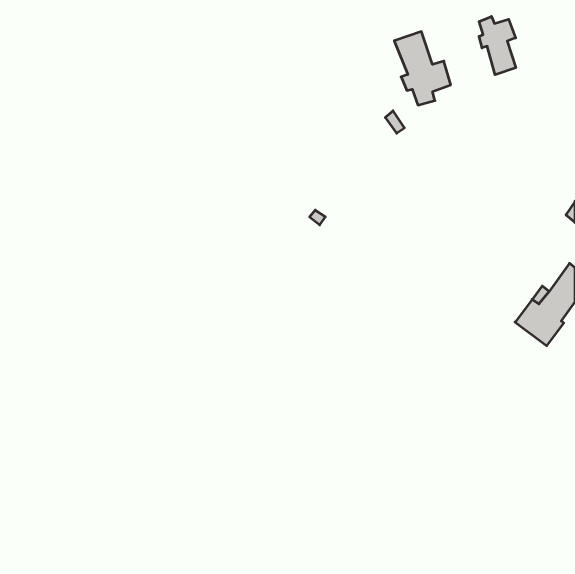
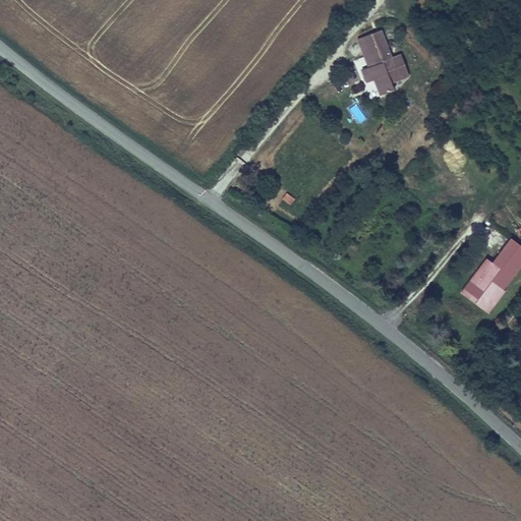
building: [479,16,516,75] -> none

